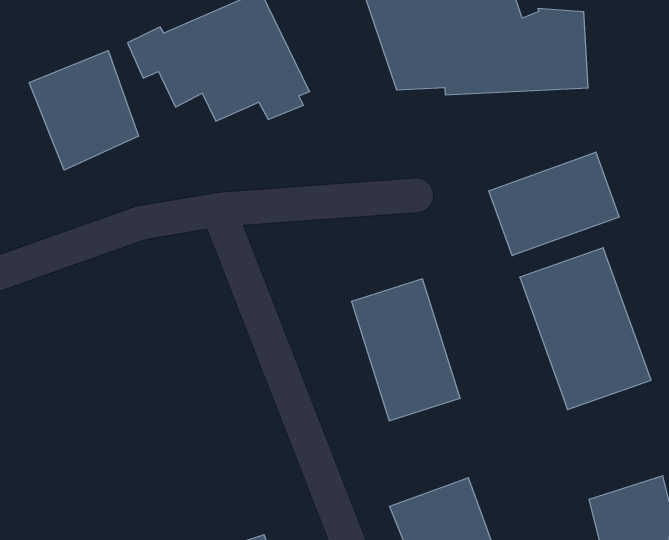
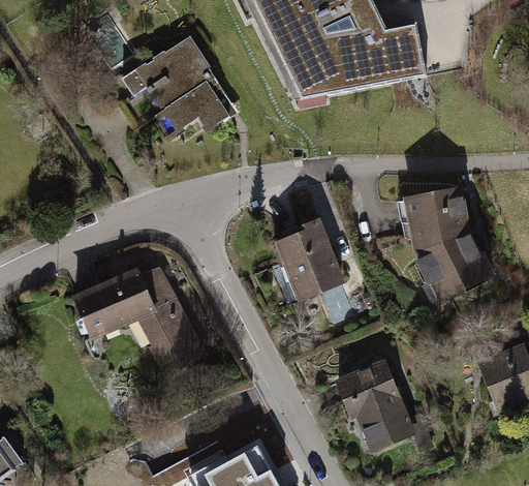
building: [29,51,139,170] -> none
building: [489,152,619,256] -> none
building: none -> [80,262,214,373]

